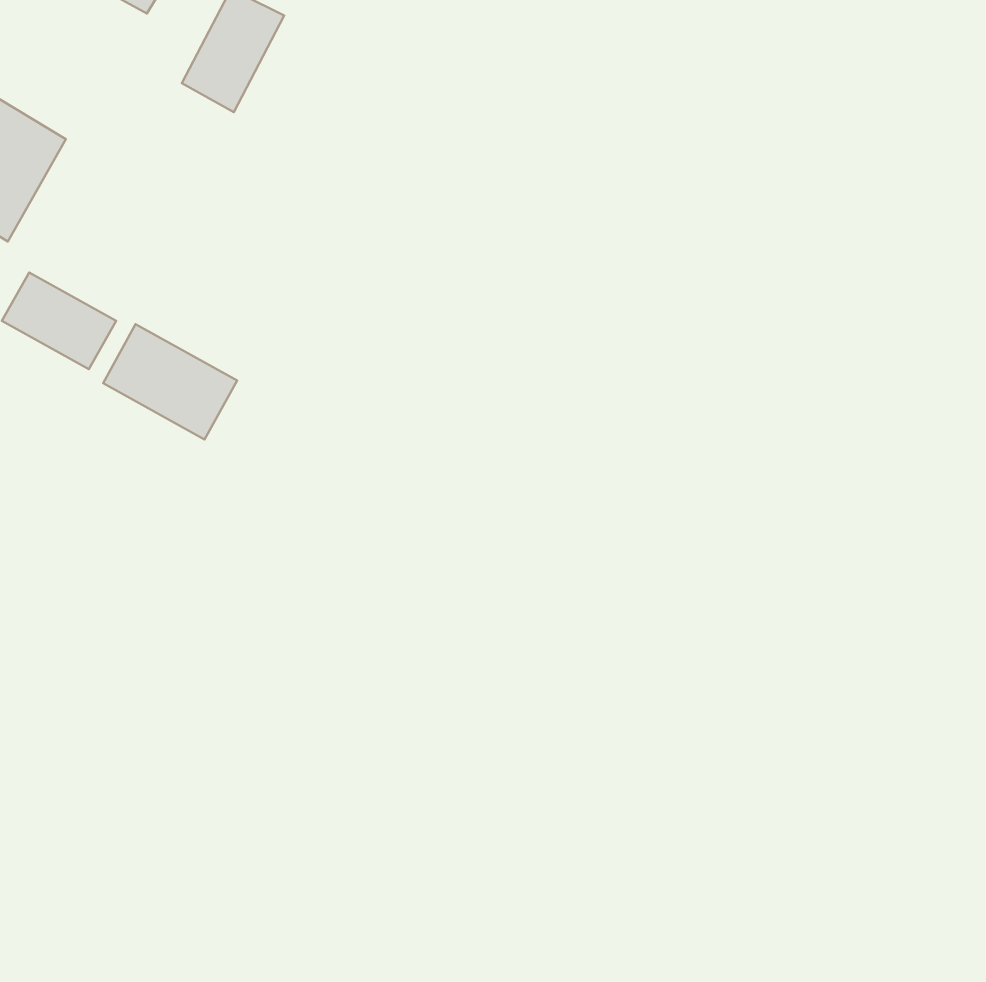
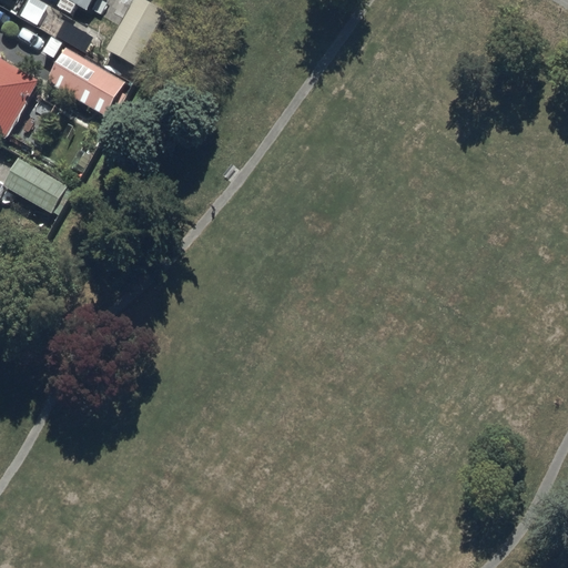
building: none -> [44,47,123,115]
building: [103,324,237,440] -> none

